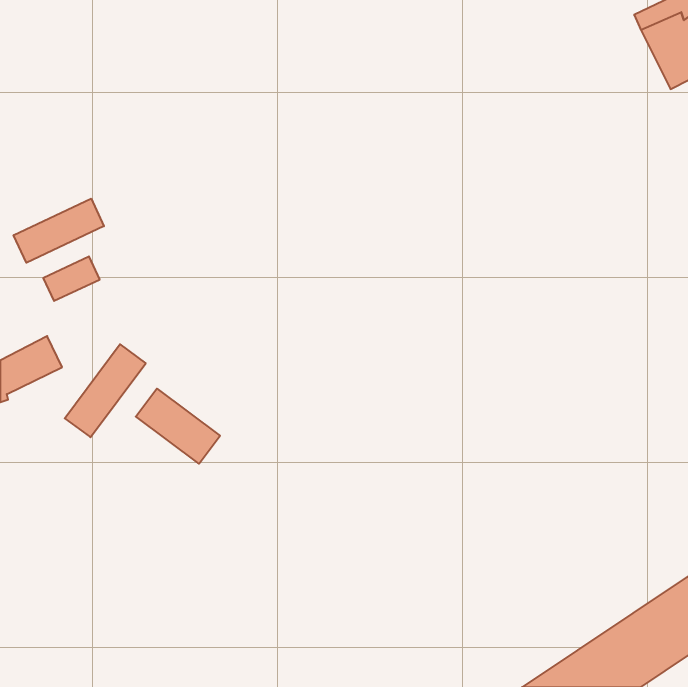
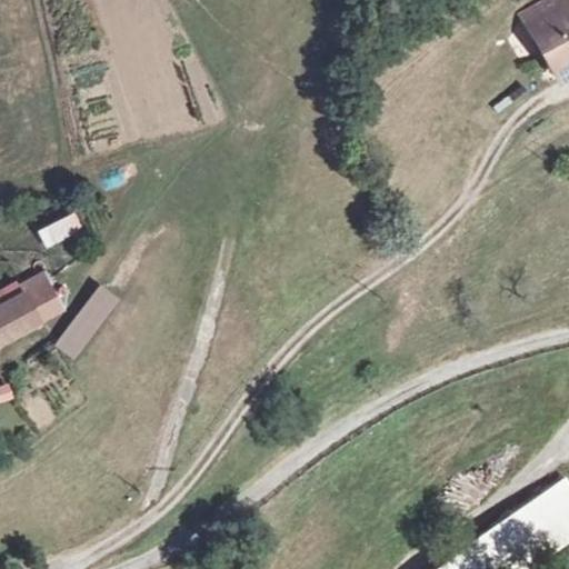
building: [14,199,104,263] -> none
building: [136,389,220,464] -> none

